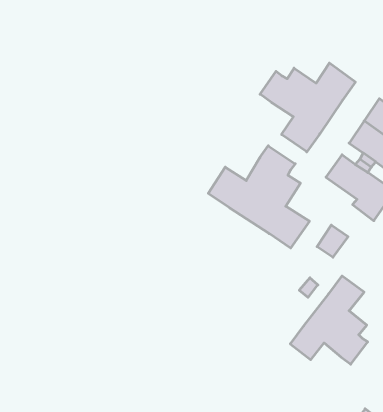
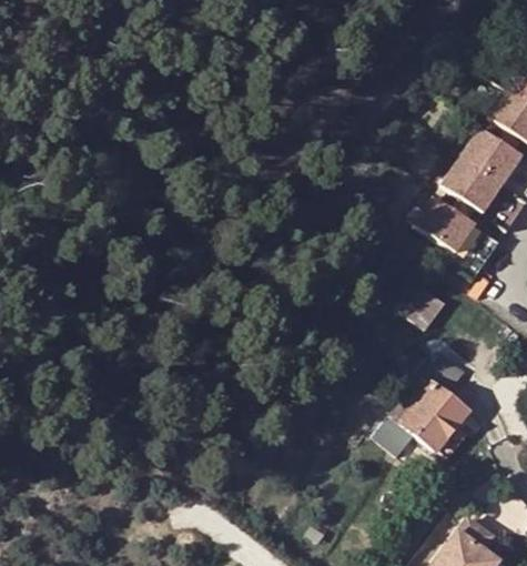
building: [260,63,355,152] -> none
building: [208,146,309,248] -> none

